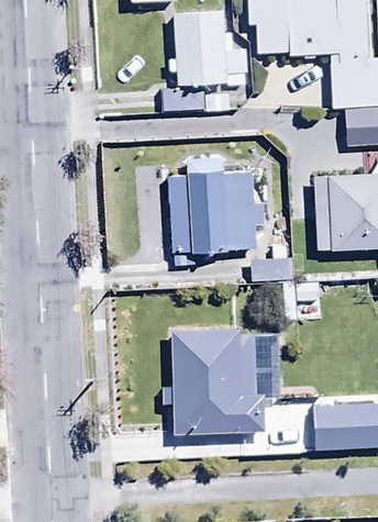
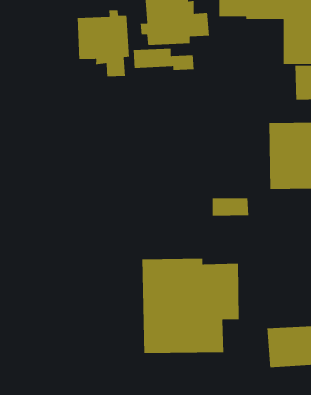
building: none -> [77,9,130,77]
building: [169,157,269,249] -> none

